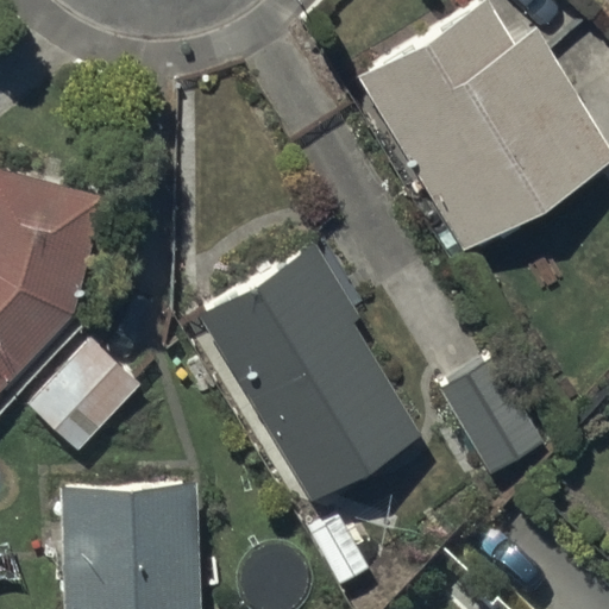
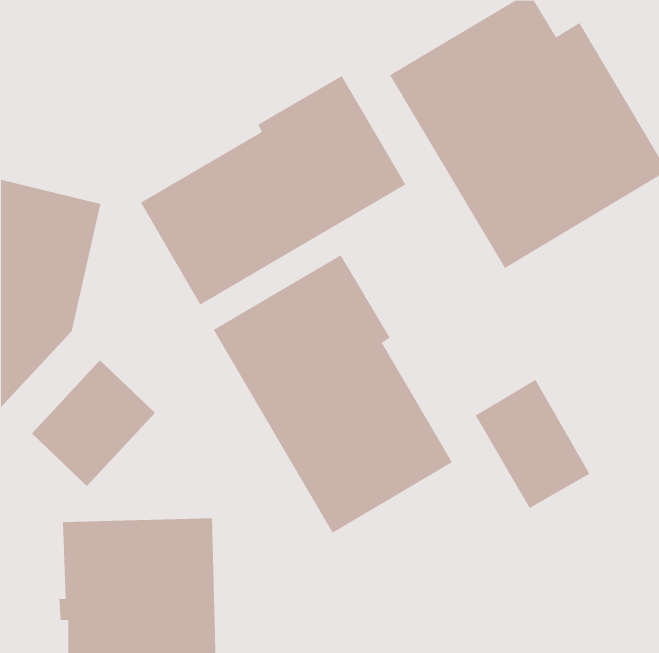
building: none -> [140,75,406,306]

